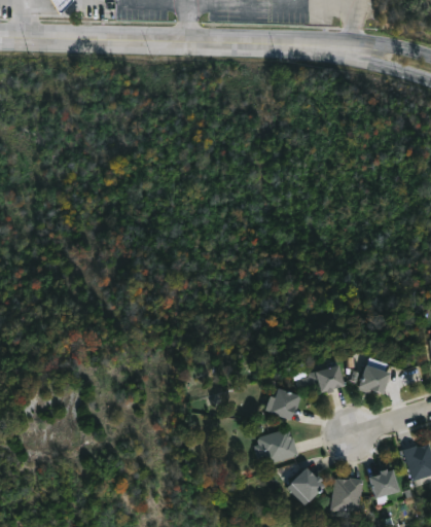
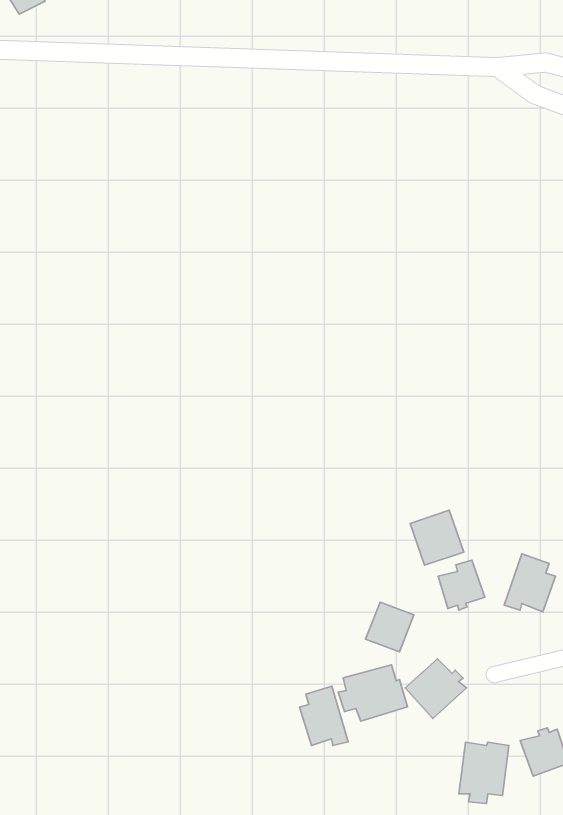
building: none -> [410,510,464,565]
building: none -> [300,686,348,746]
building: [287,467,326,505] -> [405,659,467,719]

